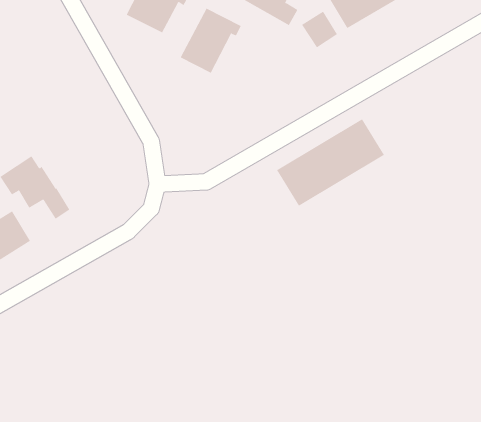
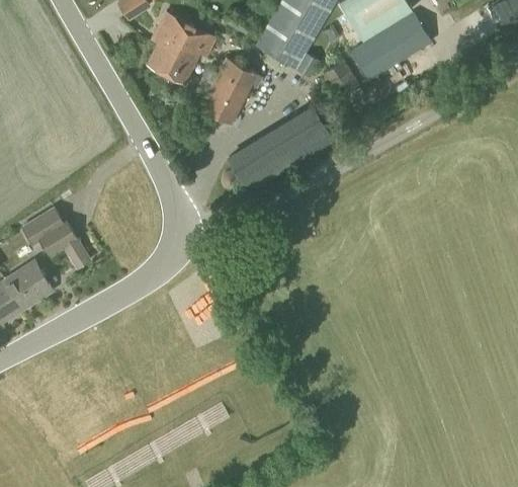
building: [276,118,385,207] -> [226,104,334,192]

